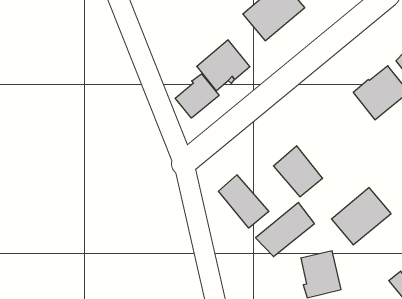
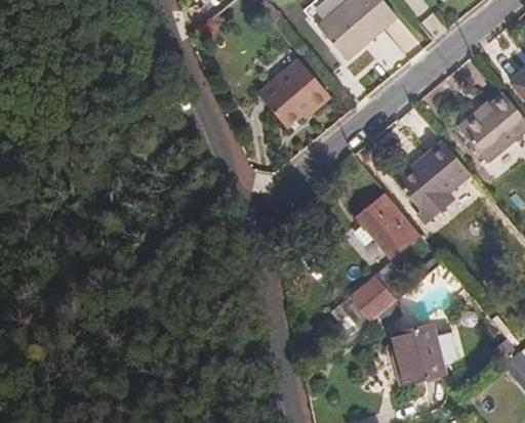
building: [175,74,219,118] -> none
building: [218,175,269,228] -> none
building: [331,188,391,245] -> [395,142,471,215]

